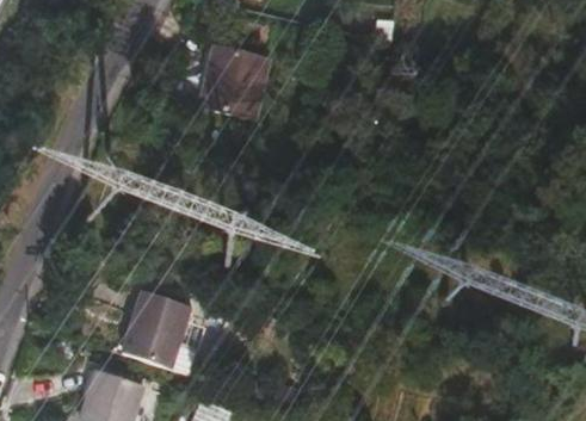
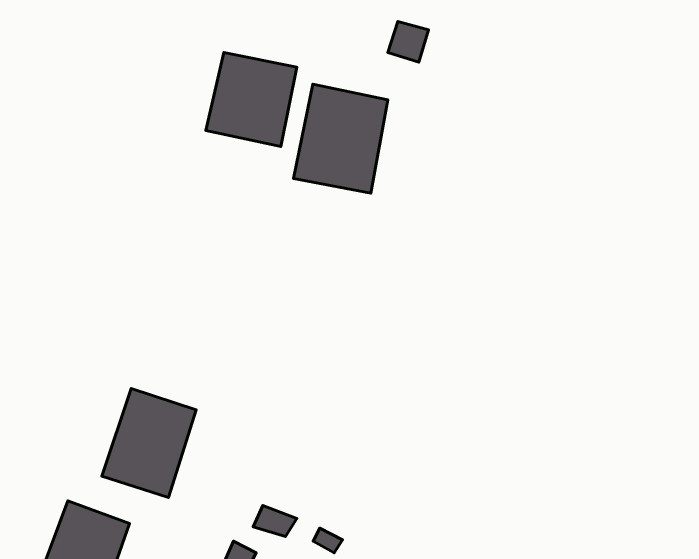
building: none -> [293,84,388,193]

